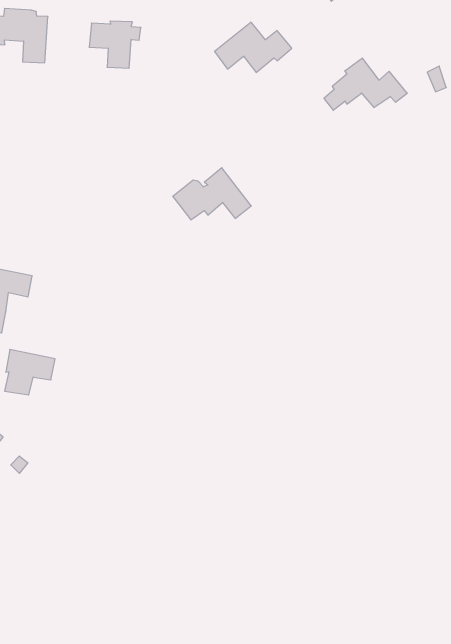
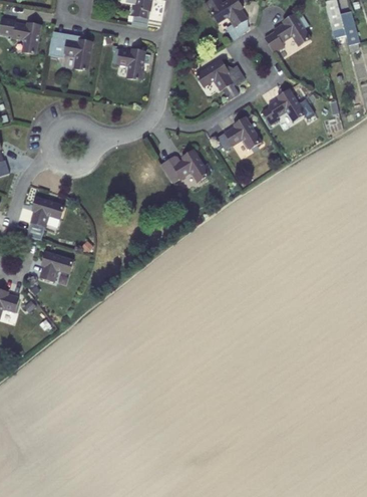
building: none -> [225,117,261,150]

